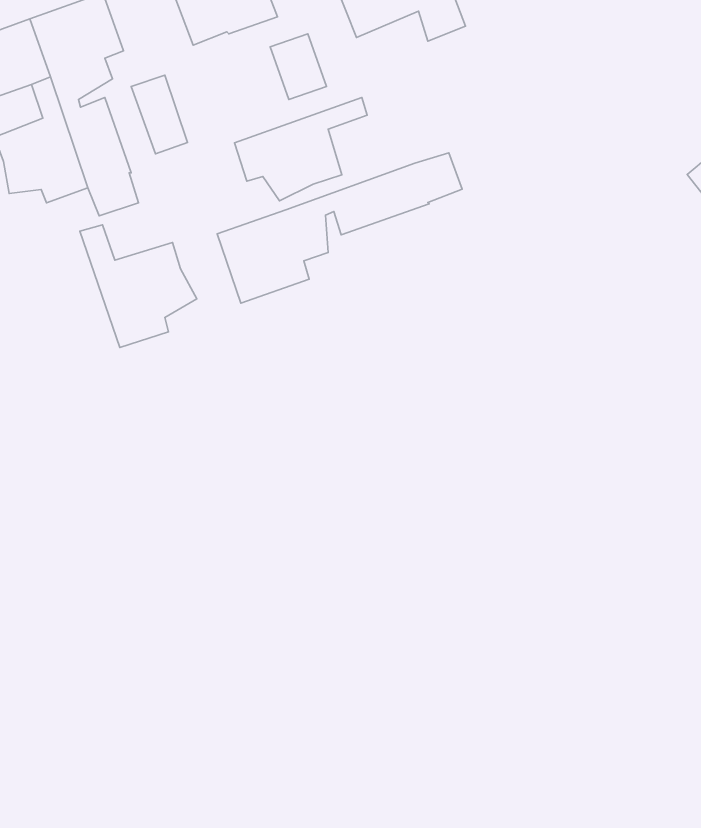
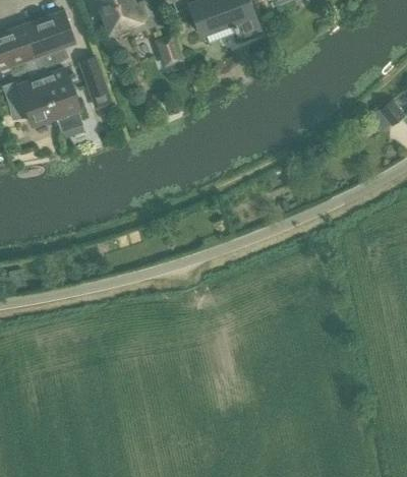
building: [234,97,367,201] -> none
building: [217,153,462,303] -> none
building: [80,225,197,348] -> none

